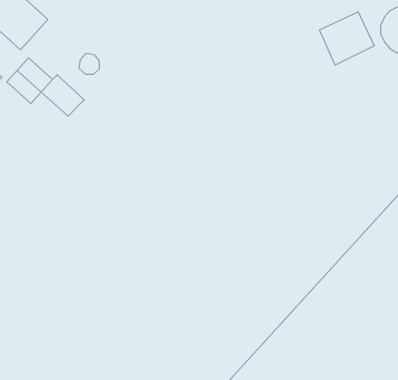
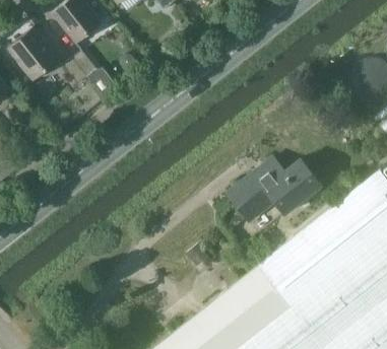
building: [319,12,374,65] -> none
building: none -> [228,160,321,219]

